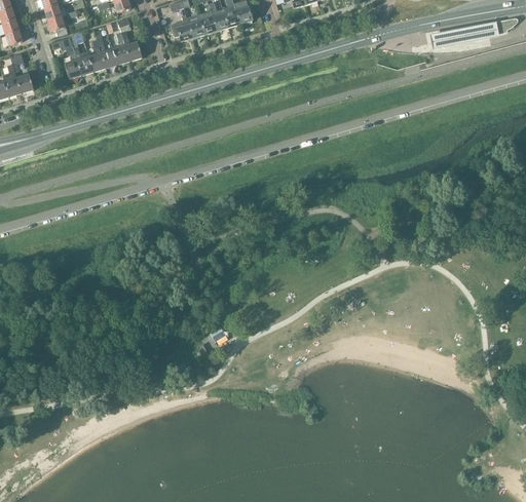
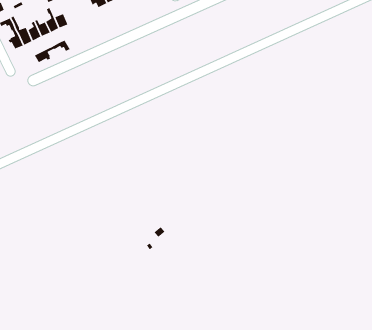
building: none -> [34,40,71,63]

